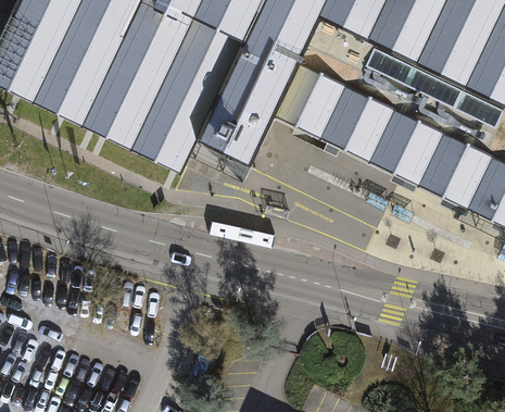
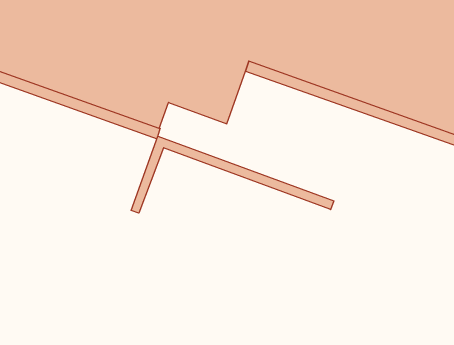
building: none -> [131,136,334,213]

